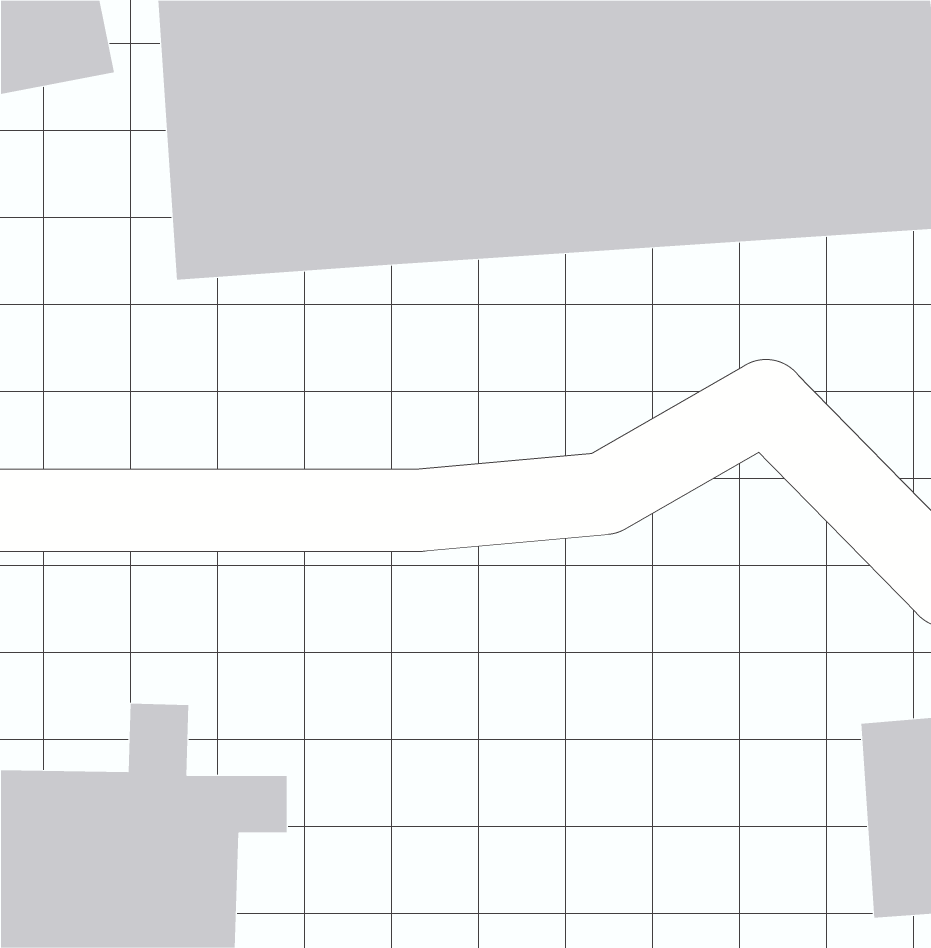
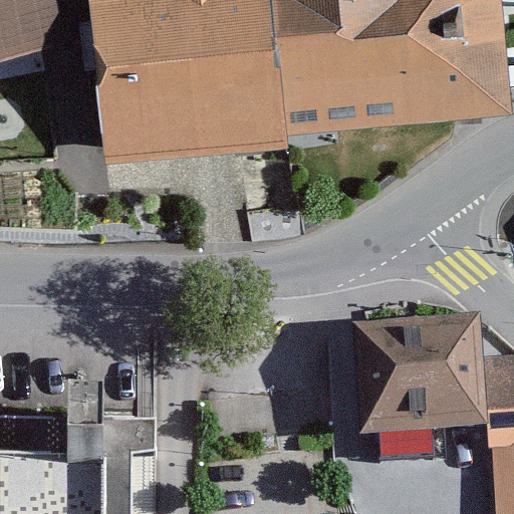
building: none -> [336,324,470,440]

